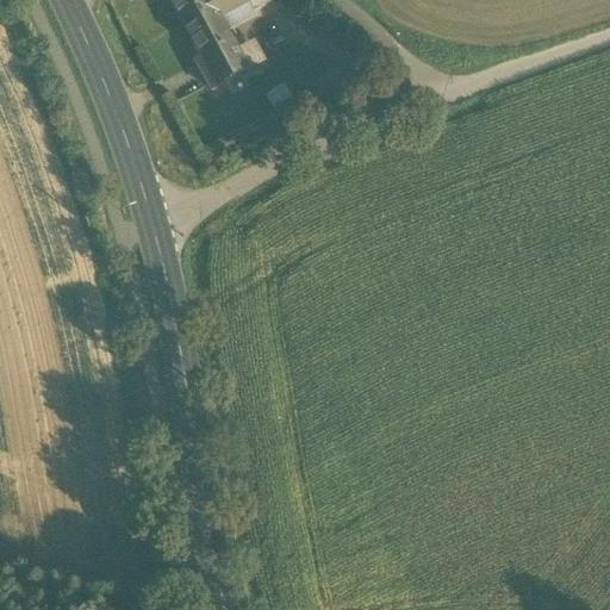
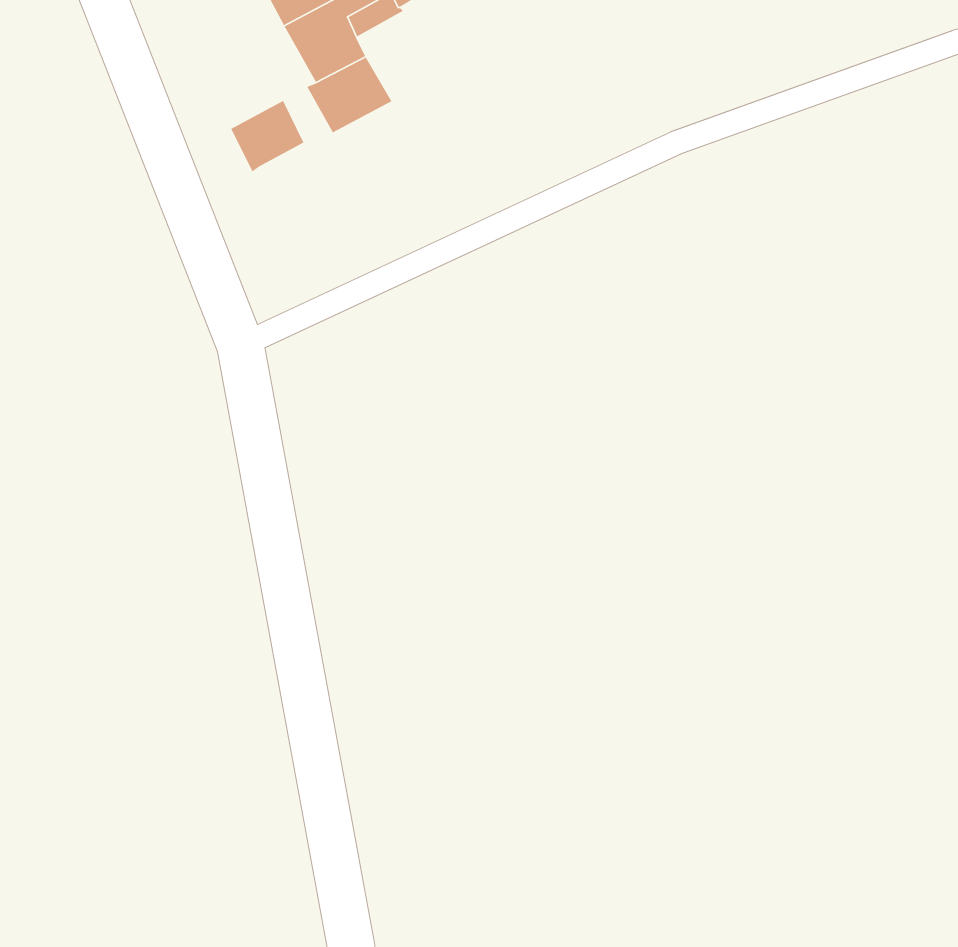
building: none -> [230,100,304,172]

